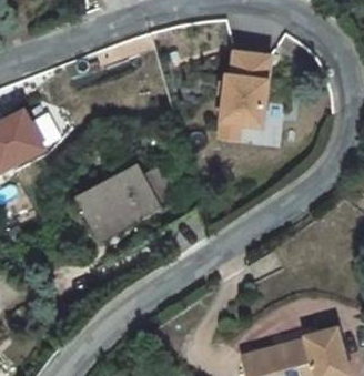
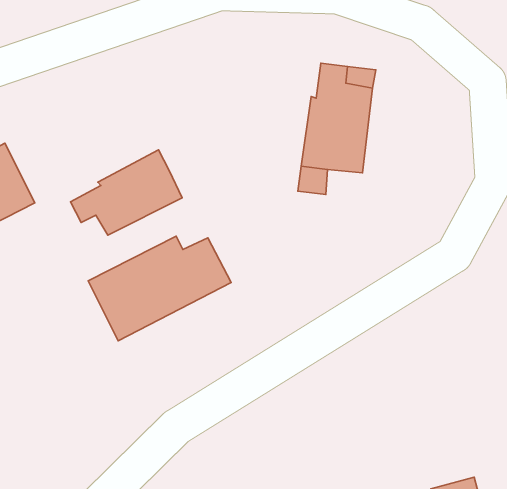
building: none -> [71,150,182,235]

